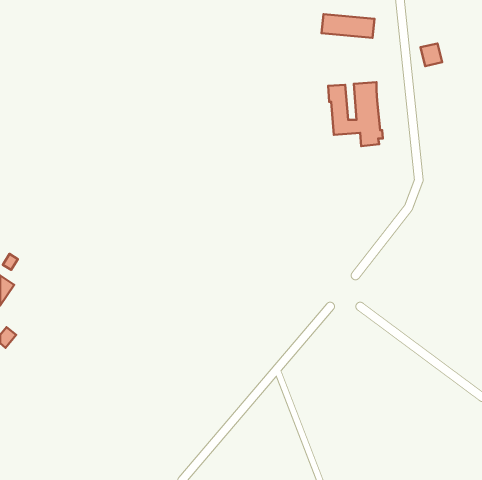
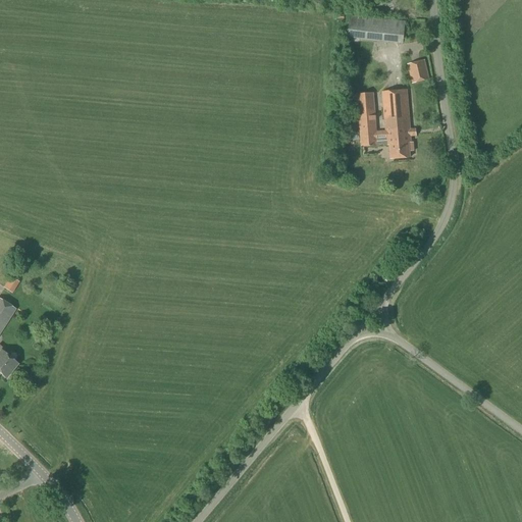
building: [420,43,442,66] -> [407,58,430,83]

